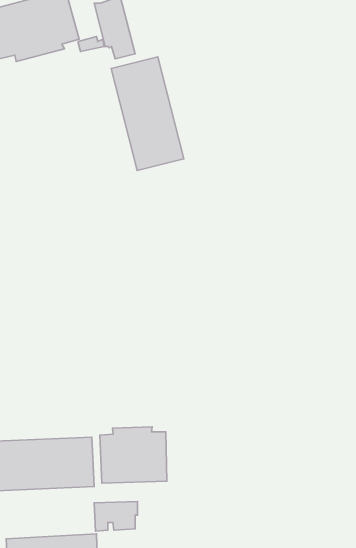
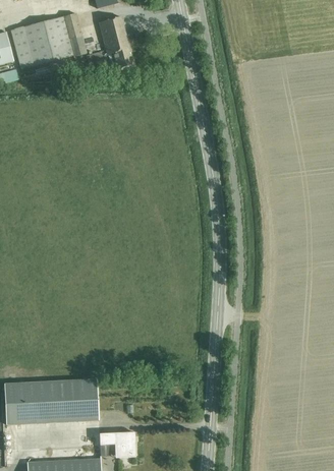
building: [111,57,184,171] -> none
building: [100,427,167,483] -> none

